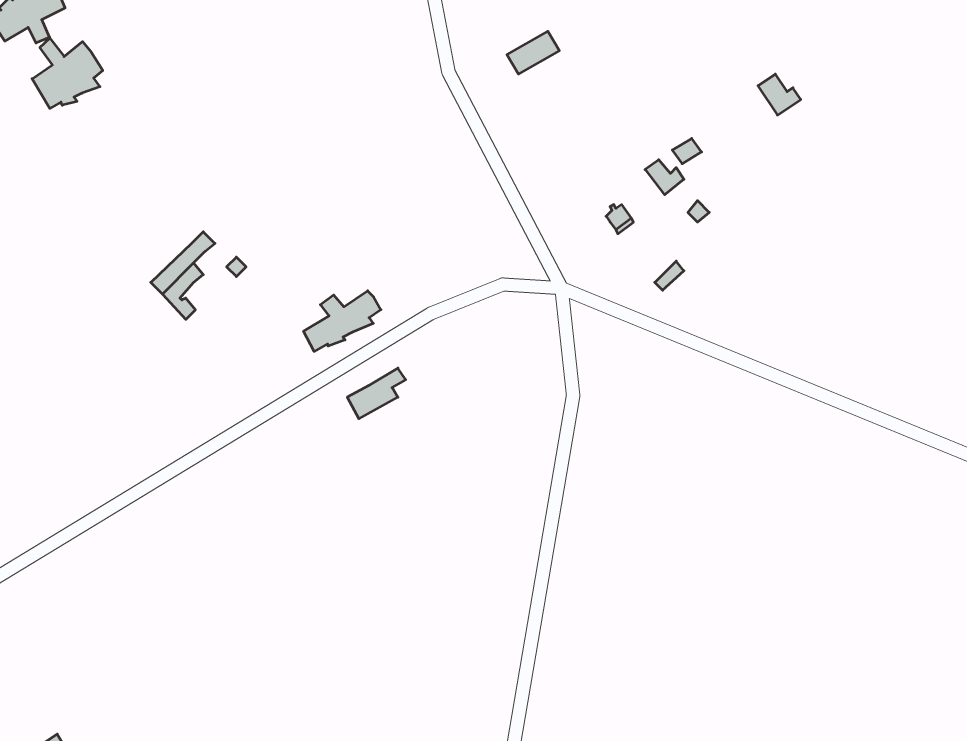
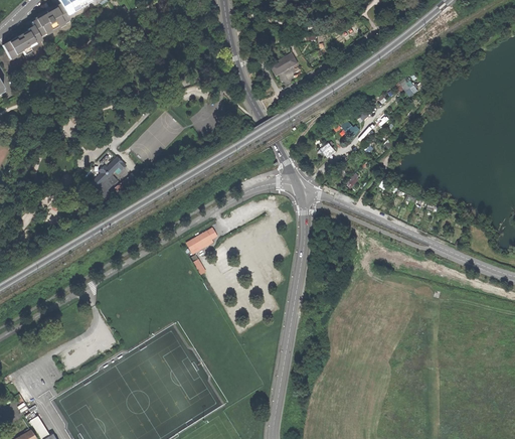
building: [32,38,103,108] -> none
building: [304,291,381,351] -> none

